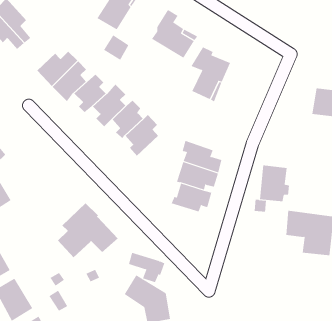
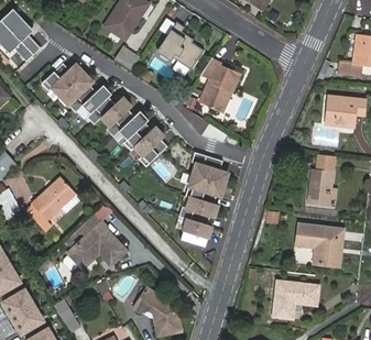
building: [259,165,290,202] -> [307,167,338,205]
building: none -> [31,179,74,222]
building: [128,252,165,283] -> [177,215,215,245]
building: none -> [272,283,317,320]

